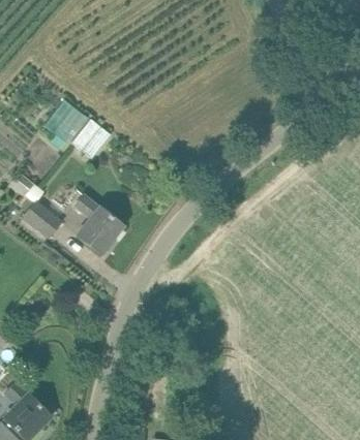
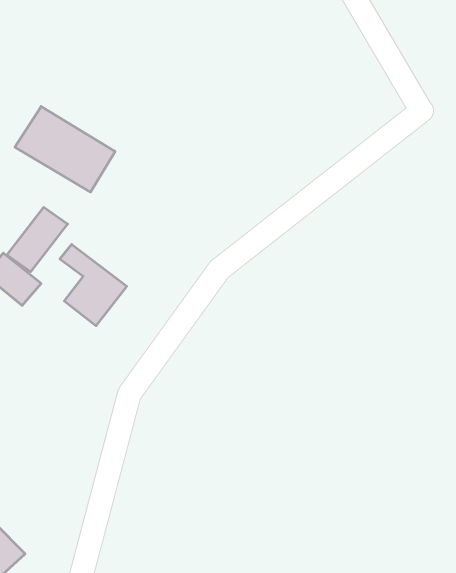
building: none -> [7,207,68,272]

